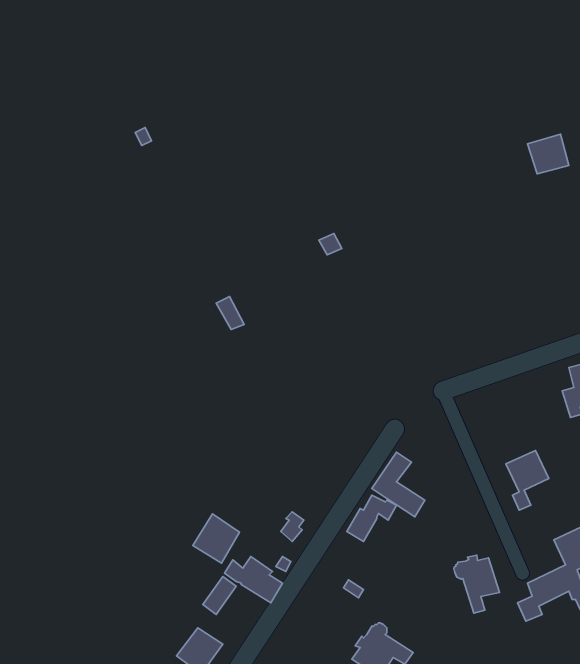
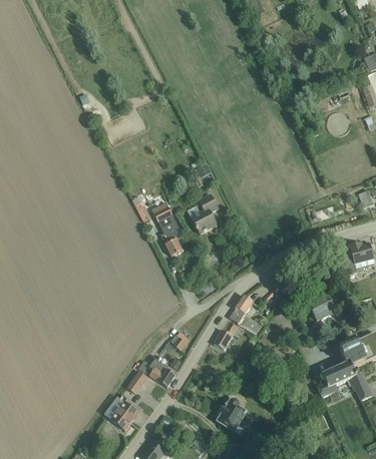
building: none -> [187,194,218,234]
building: none -> [151,201,183,257]
building: [193,514,240,563] -> none
building: [454,555,500,613] -> none

